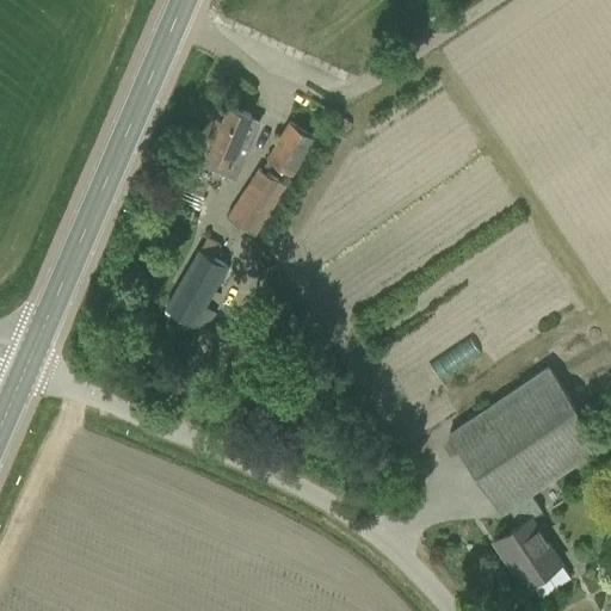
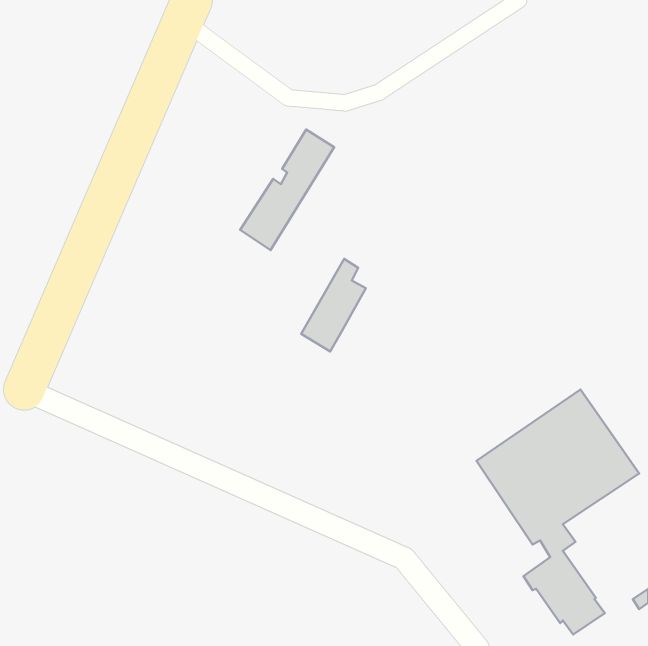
building: [206,107,259,181] -> none
building: [165,240,226,327] -> [301,259,366,352]

